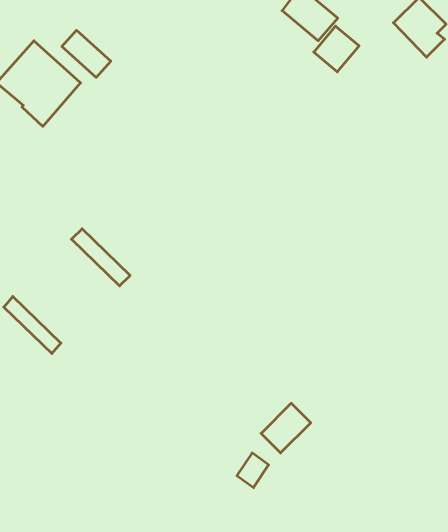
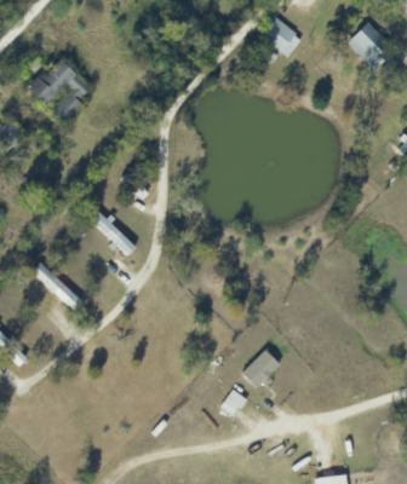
building: [314,26,359,72] -> none
building: [62,30,111,77] -> none

